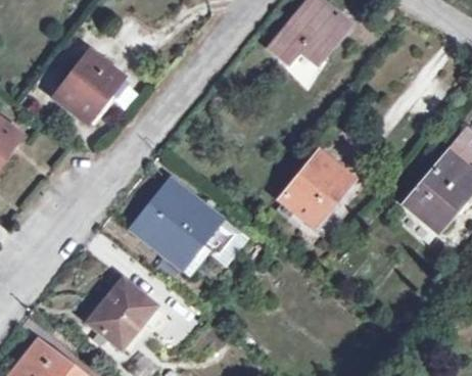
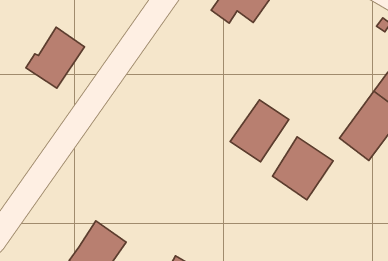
building: [132,181,233,272] -> none
building: none -> [272,137,333,200]

